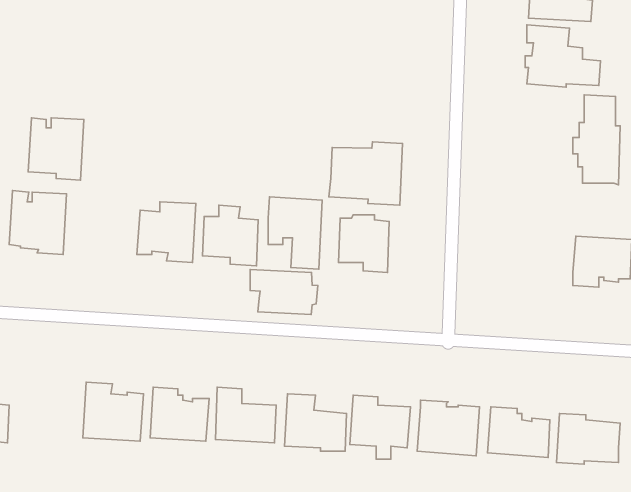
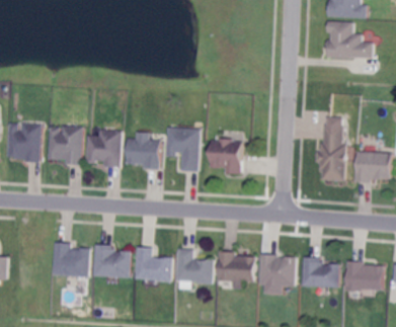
building: [573,95,620,185] -> [316,126,345,181]
building: [28,118,84,180] -> [48,127,82,165]
building: [329,142,403,205] -> none
building: [250,269,318,314] -> none

